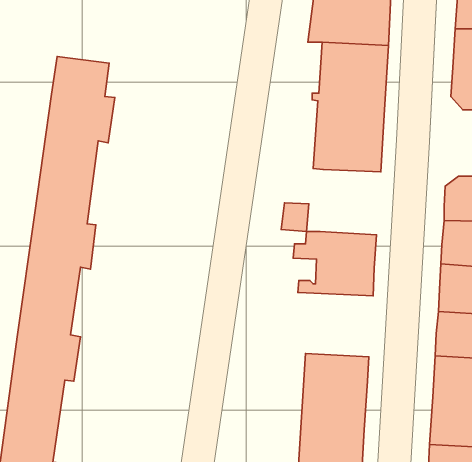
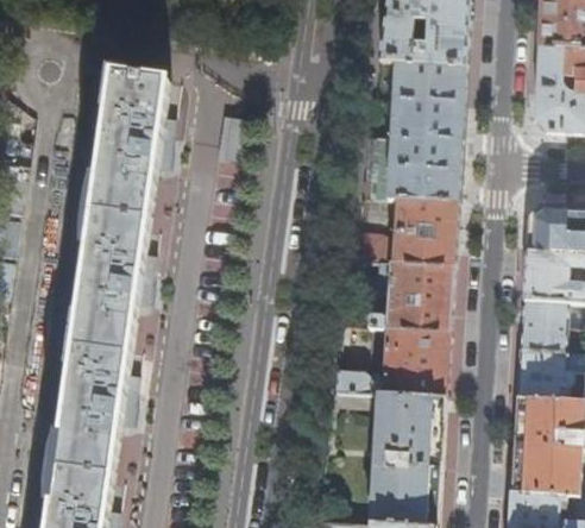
building: none -> [388,195,458,265]
building: none -> [333,327,449,396]

